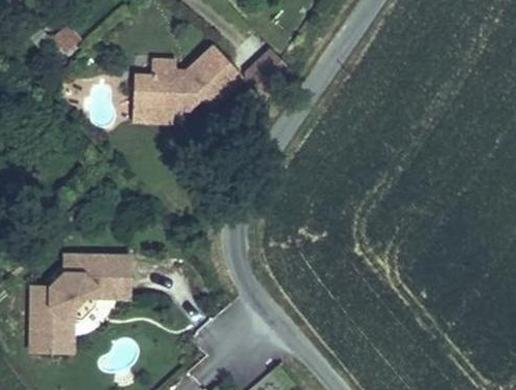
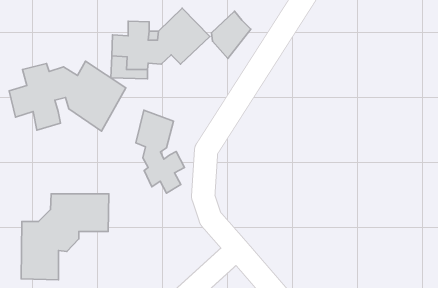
building: none -> [9,61,126,131]
building: none -> [136,110,184,193]

